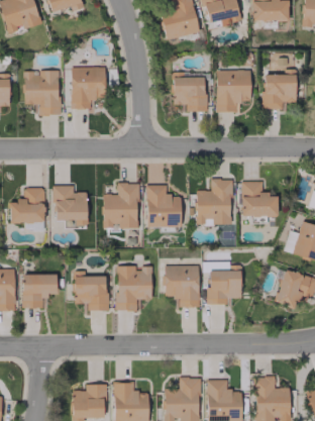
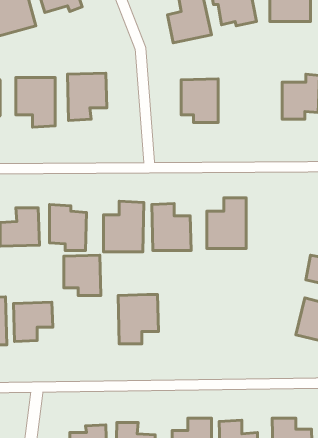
building: [216,70,251,112] -> none
building: [241,182,279,217] -> none
building: [164,265,200,308] -> none
building: [208,266,241,305] -> none
building: [75,275,108,311] -> [64,255,101,296]

